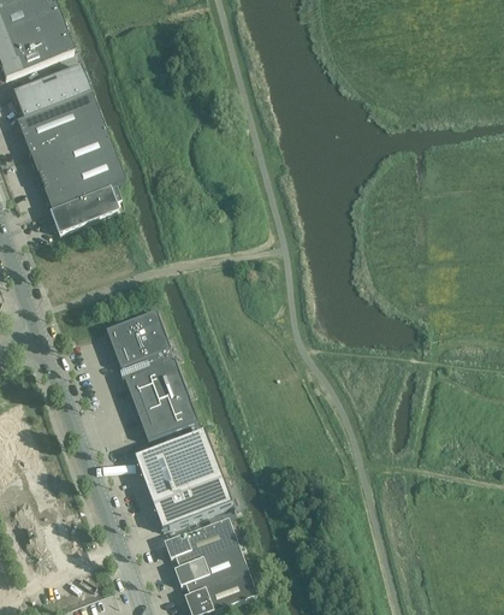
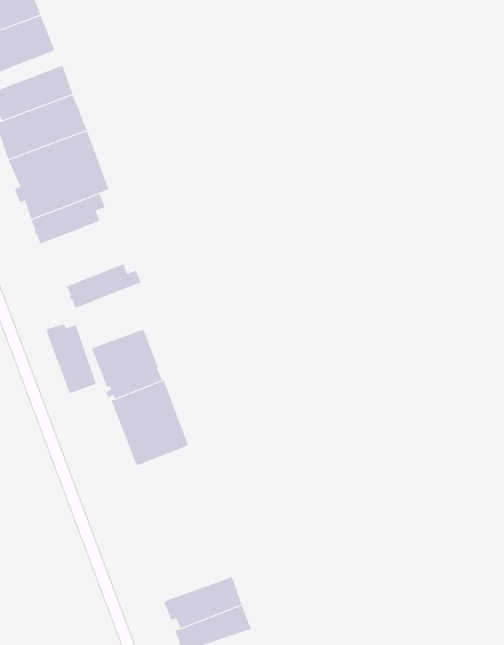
building: none -> [66,264,141,308]
building: none -> [46,323,97,394]
building: [136,428,233,528] -> none
building: [165,515,239,564] -> none

